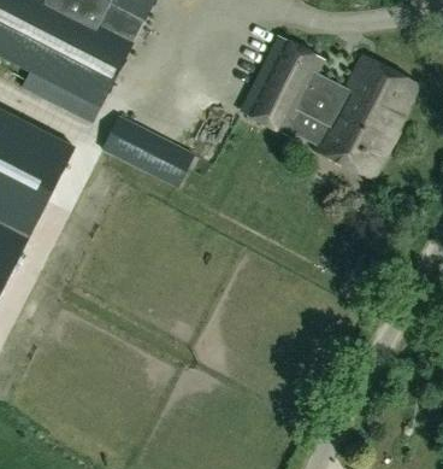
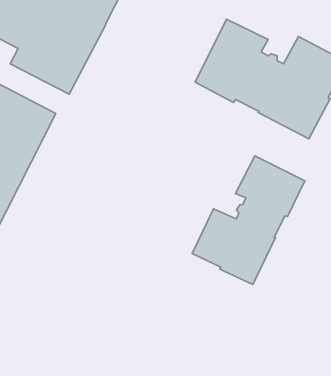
building: [100,116,194,187] -> none
building: none -> [192,156,305,285]

